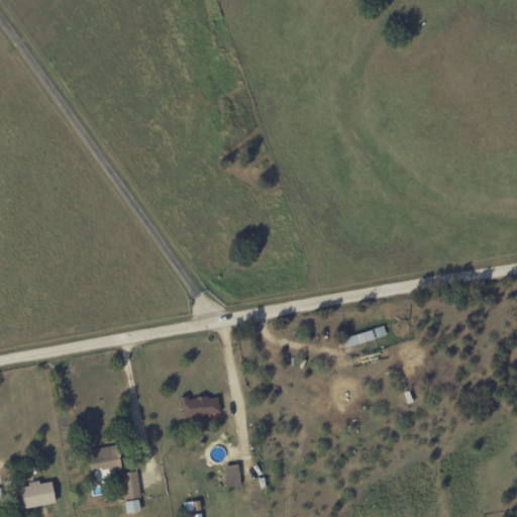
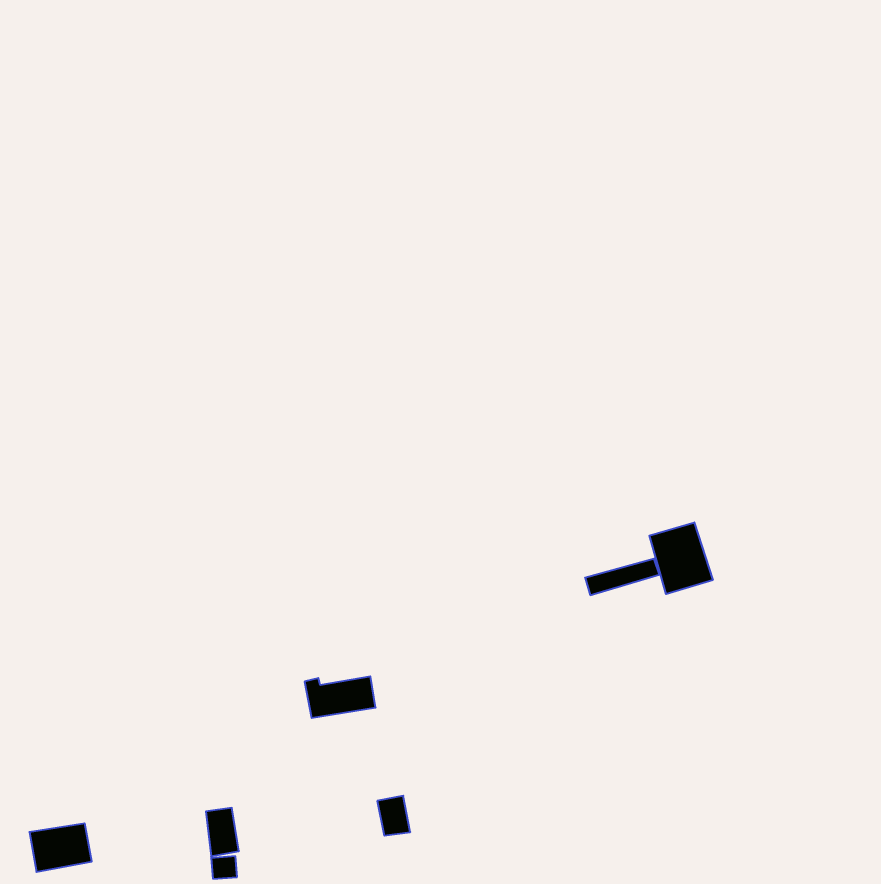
building: none -> [649,522,713,594]
building: [89,445,122,482] -> none

